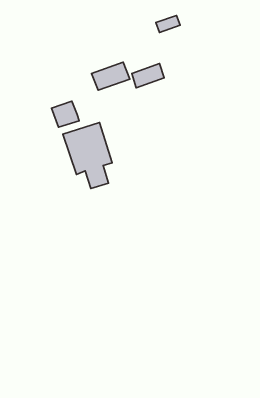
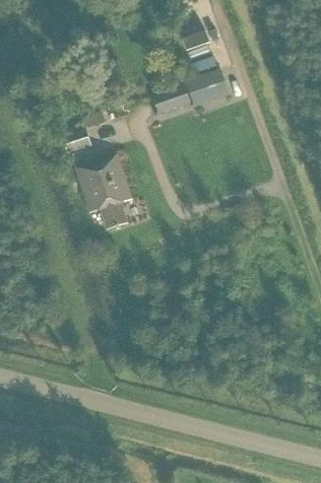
building: none -> [185,67,230,108]
building: [91,62,130,90] -> none

